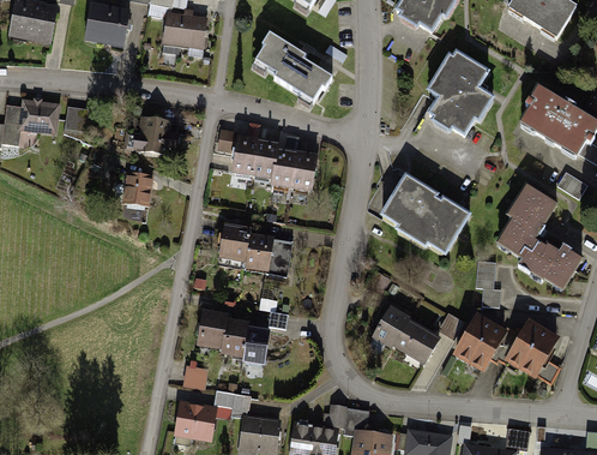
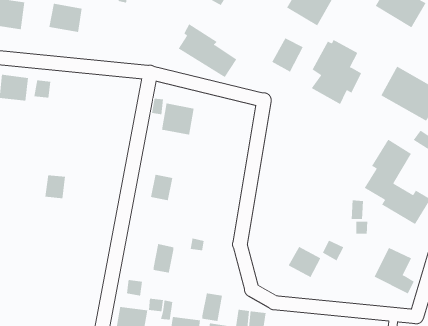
building: [165,13,207,46] -> none
building: none -> [272,37,303,72]
building: [131,118,176,155] -> none
building: [272,149,319,190] -> none
building: [125,173,152,204] -> [45,175,66,199]
building: [381,175,470,255] -> none
building: [245,233,291,273] -> none
building: [375,307,410,346] -> none
building: [197,310,228,348] -> none
building: [454,313,505,369] -> none
building: [242,325,270,363] -> [202,293,223,321]

